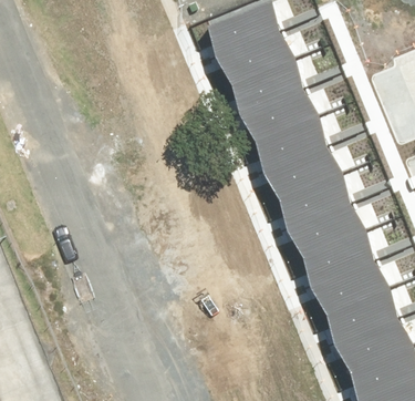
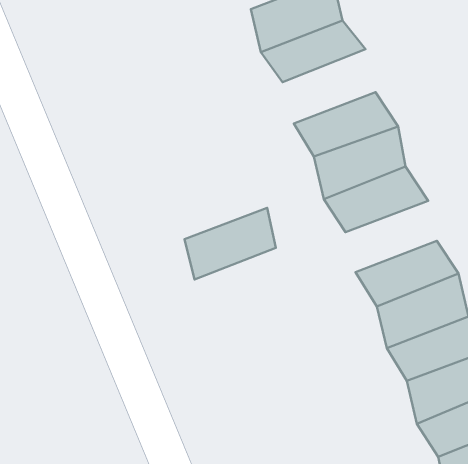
building: [230,56,302,114] -> none
building: [279,174,350,229] -> [184,208,276,279]

